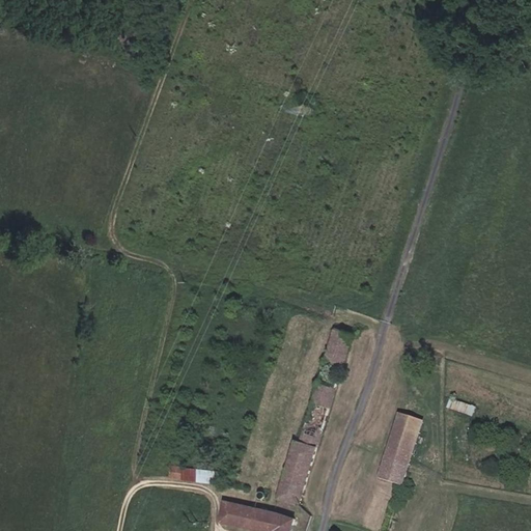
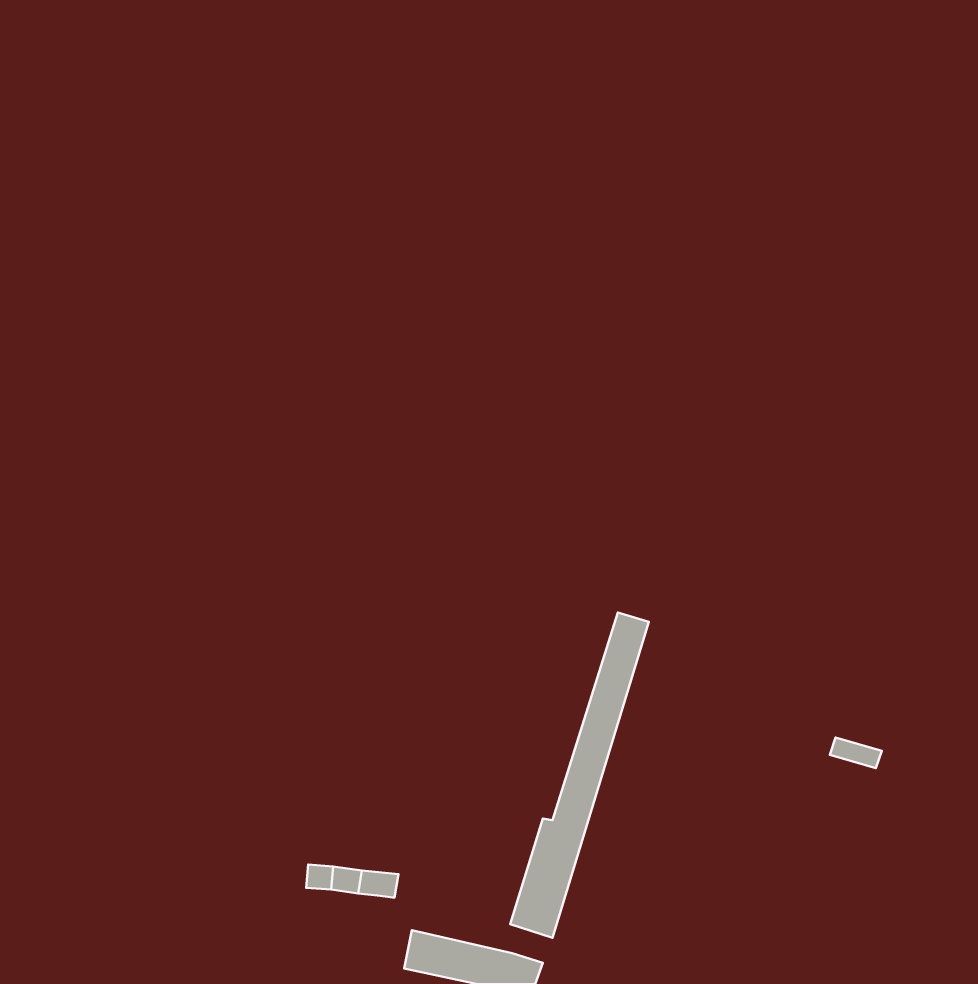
building: [375,414,422,486] -> none

